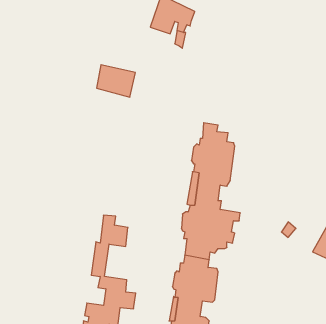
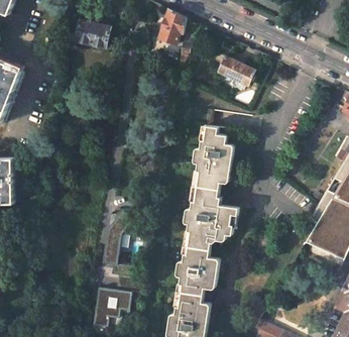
building: none -> [216,55,253,89]
building: [97,65,135,97] -> [74,18,109,47]

